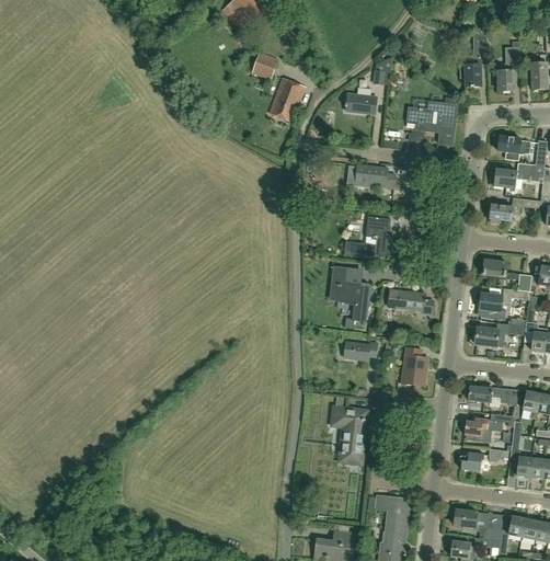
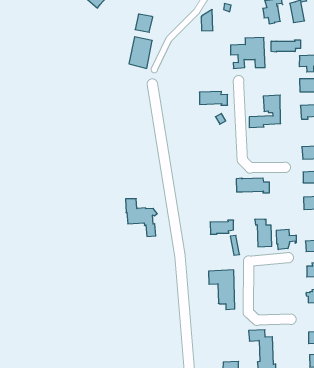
building: [252,51,278,78] -> [135,14,153,32]
building: [346,93,377,113] -> none
building: none -> [271,40,301,52]
building: [343,215,391,256] -> [249,95,281,128]
building: [331,264,373,320] -> [126,199,157,236]
building: none -> [276,229,296,250]

